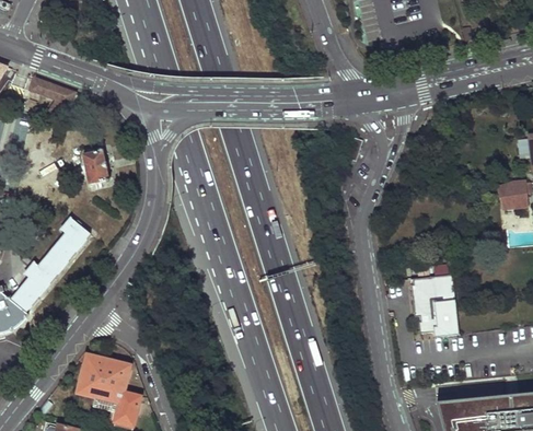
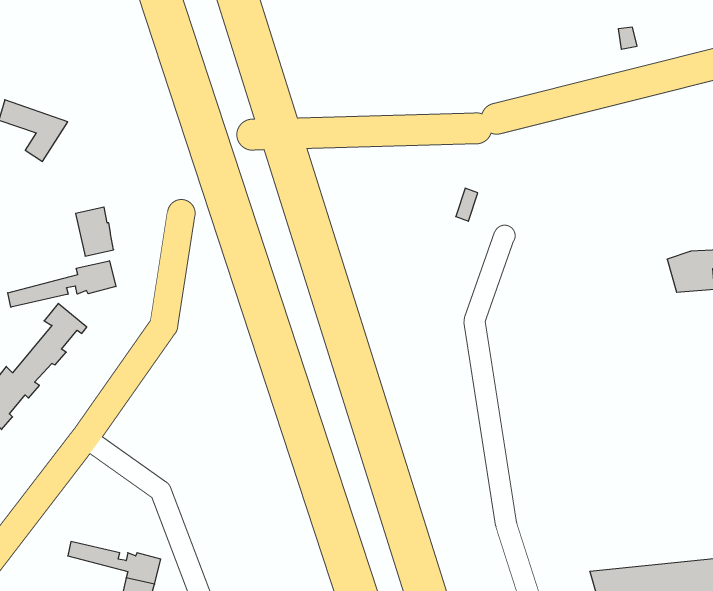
building: none -> [8,261,116,307]
building: [408,272,457,337] -> none
building: [80,356,129,396] -> none

